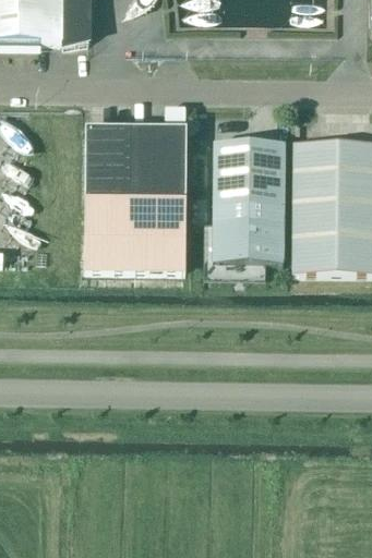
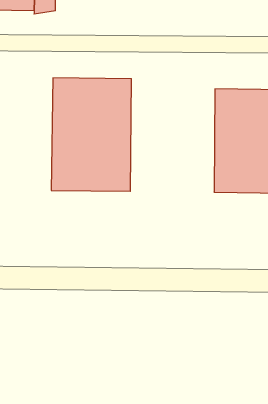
building: [212,140,285,263] -> none

